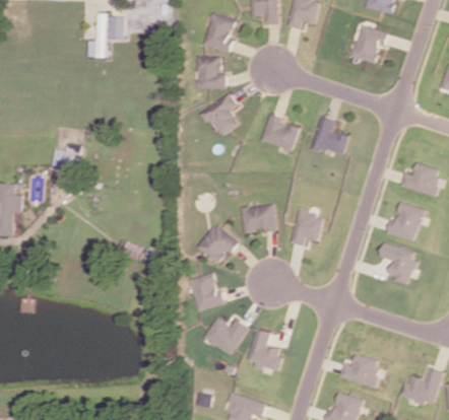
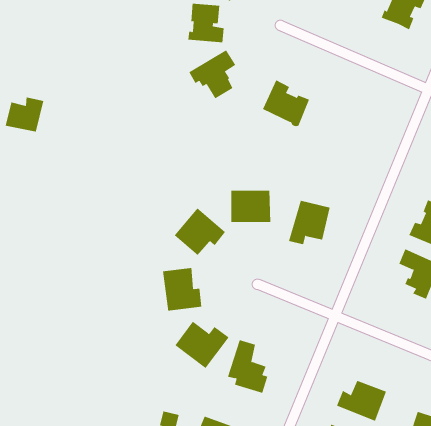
building: [312,116,350,153] -> none

